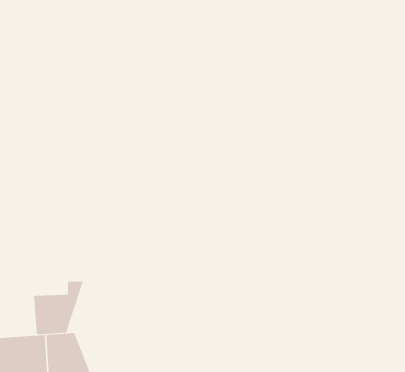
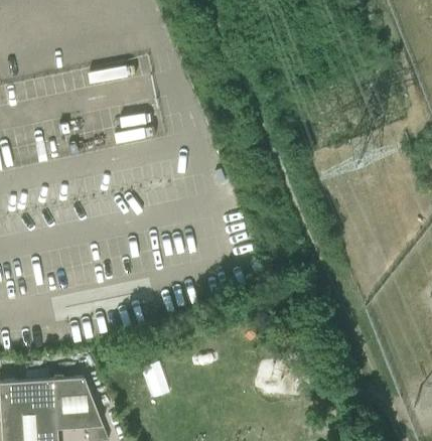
building: [33,281,84,335] -> none

